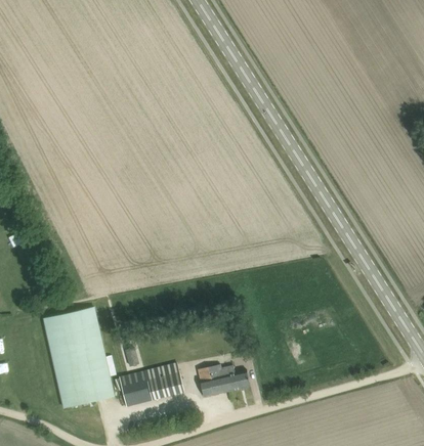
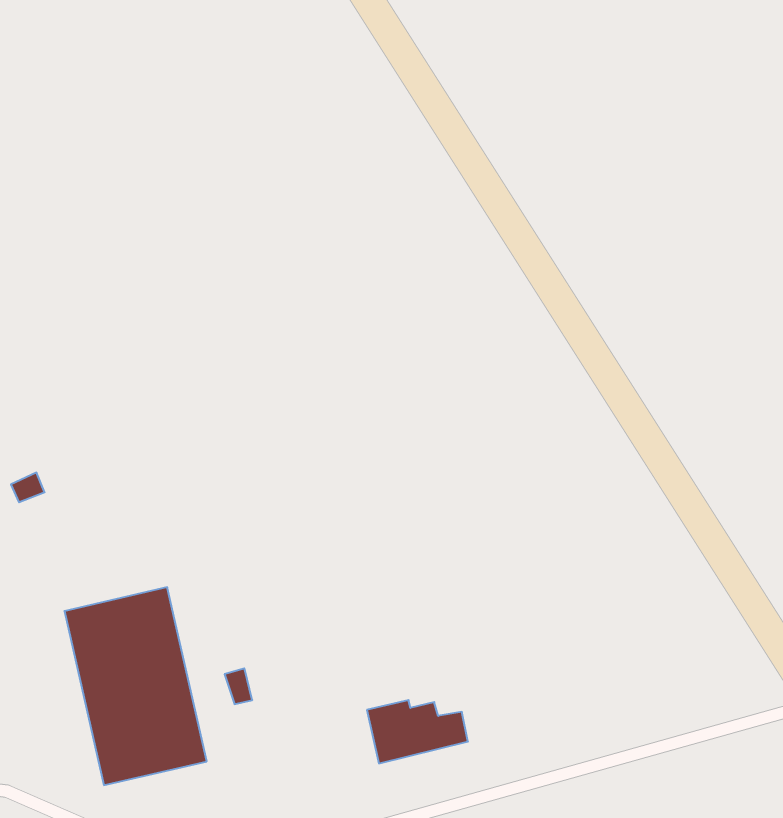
building: [119,362,184,405] -> none

